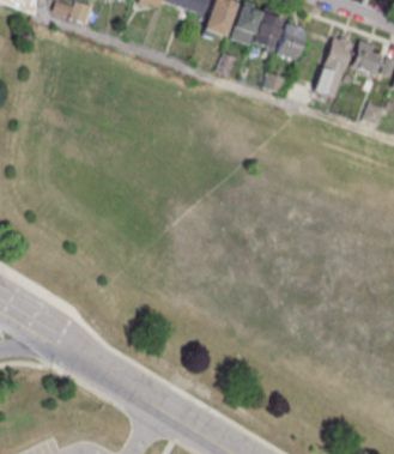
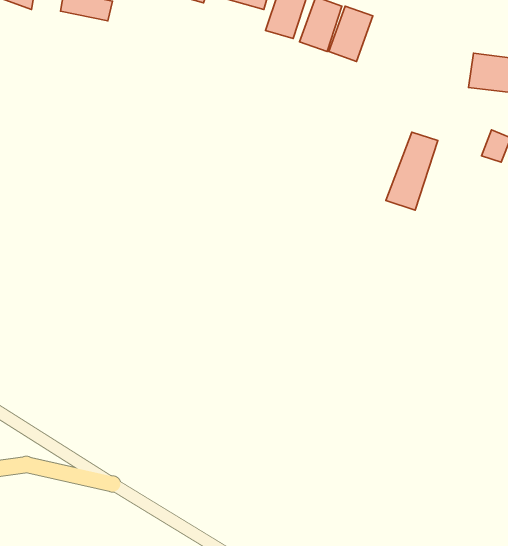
building: [275,20,307,60] -> none
building: [315,36,353,93] -> [386,132,438,210]

